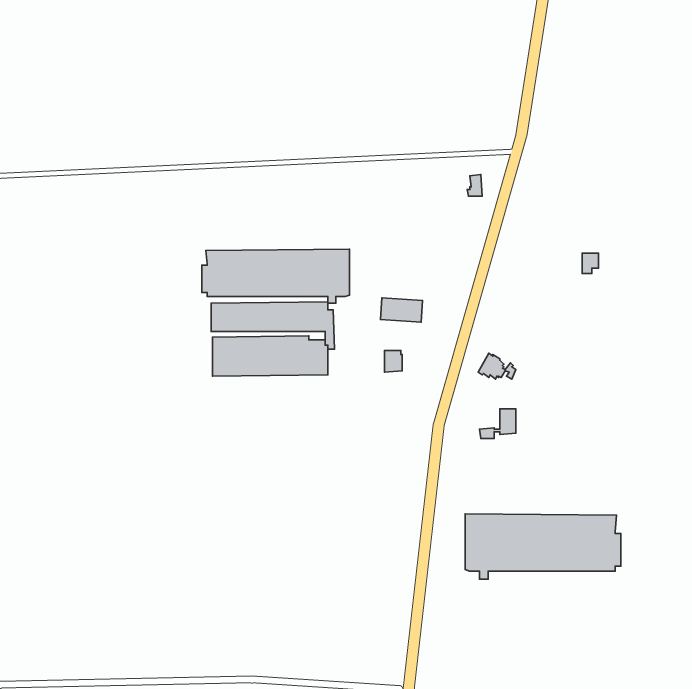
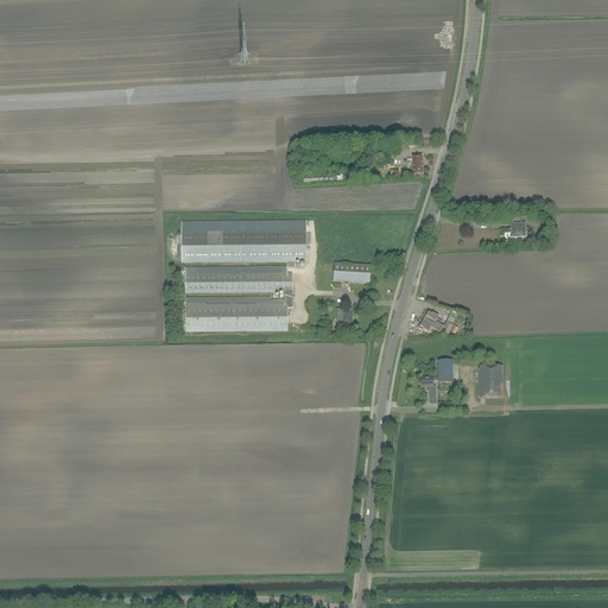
building: none -> [479,365,502,395]
building: [465,514,621,579] -> none

